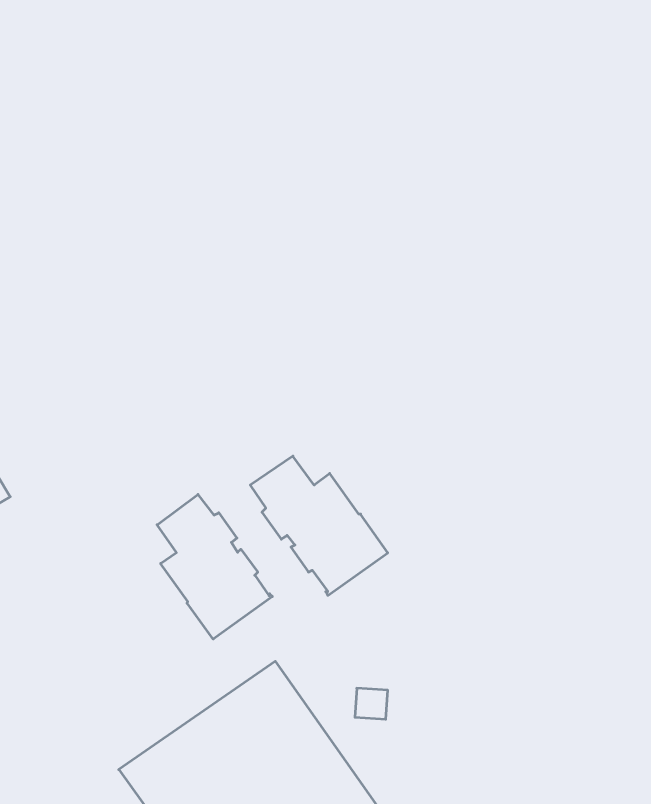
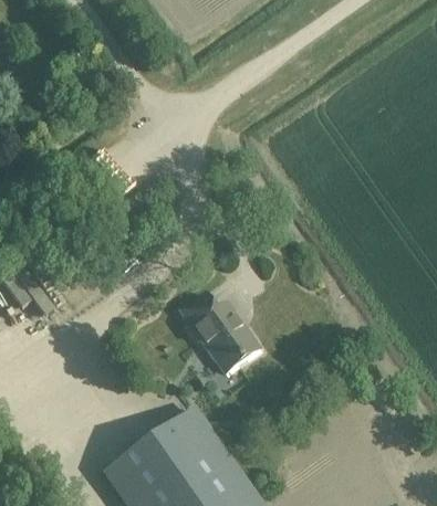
building: [157,494,272,639] -> none

